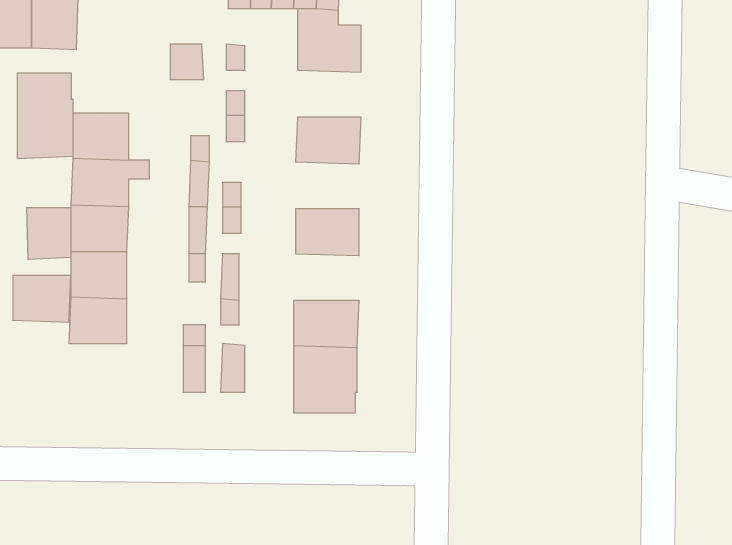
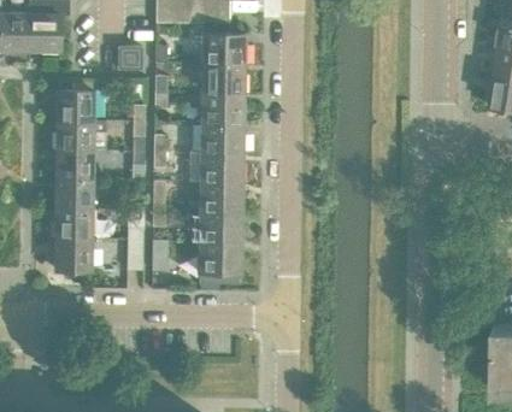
building: none -> [201,65,242,95]
building: [18,73,73,159] -> none
building: none -> [200,124,241,154]
building: [27,207,71,260] -> none
building: none -> [199,183,241,213]
building: [13,275,71,322] -> [54,241,92,271]

